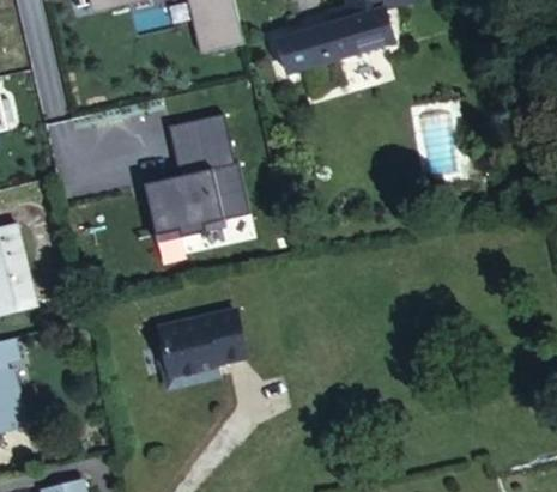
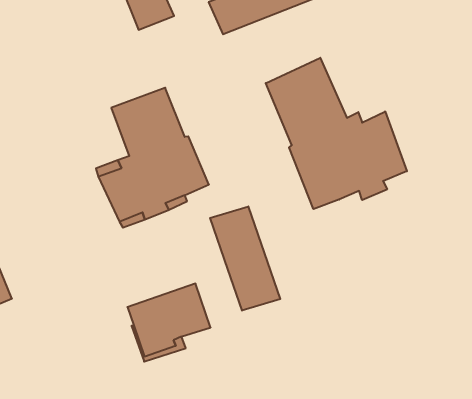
building: none -> [266,58,407,209]
building: none -> [210,206,280,311]

